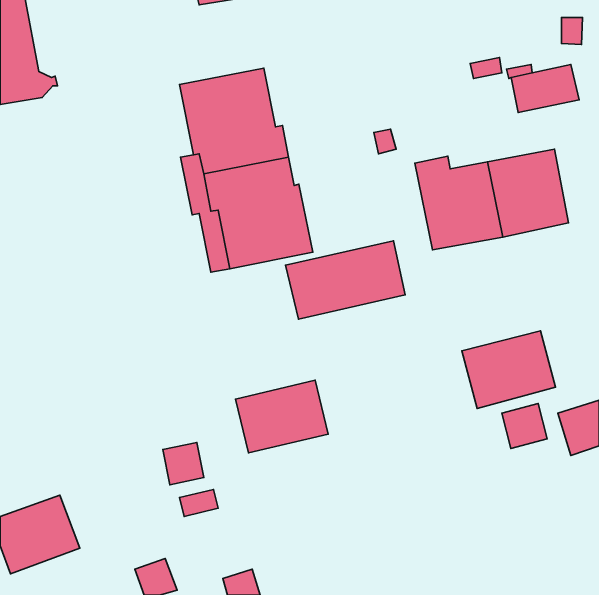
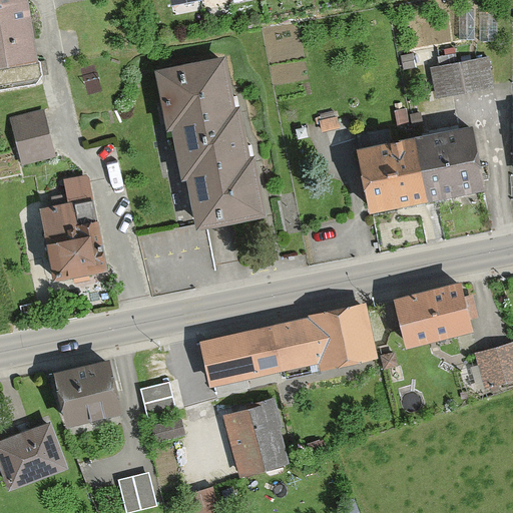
building: none -> [13,109,55,161]
building: none -> [40,174,107,282]
building: [286,241,405,319] -> [270,304,372,371]
building: [502,404,547,449] -> none
building: none -> [54,361,120,426]
building: none -> [222,396,290,477]

